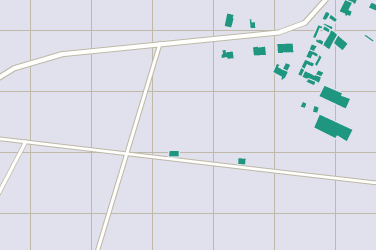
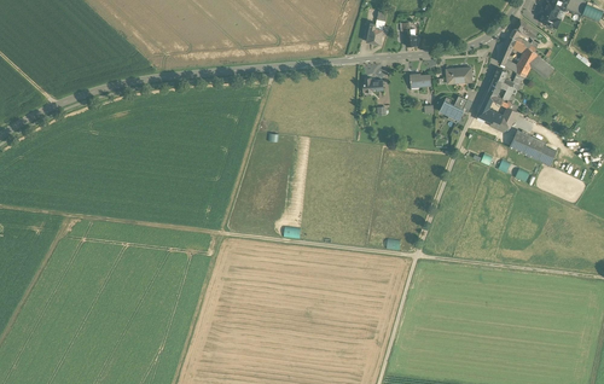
building: [313,114,353,142] -> none

